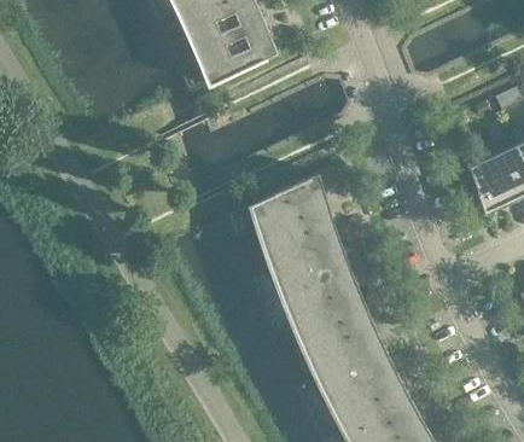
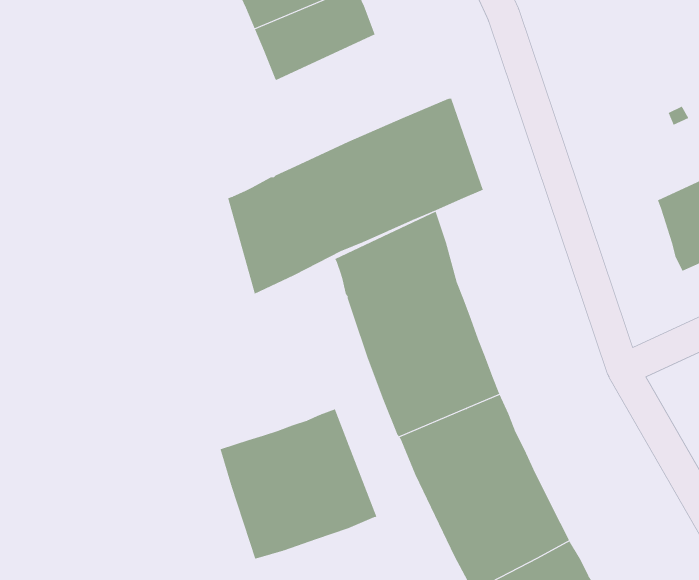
building: none -> [227,98,484,294]
building: none -> [220,409,377,560]

